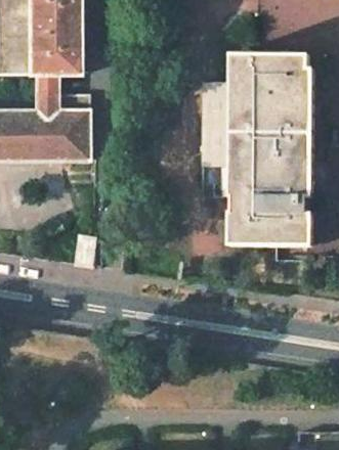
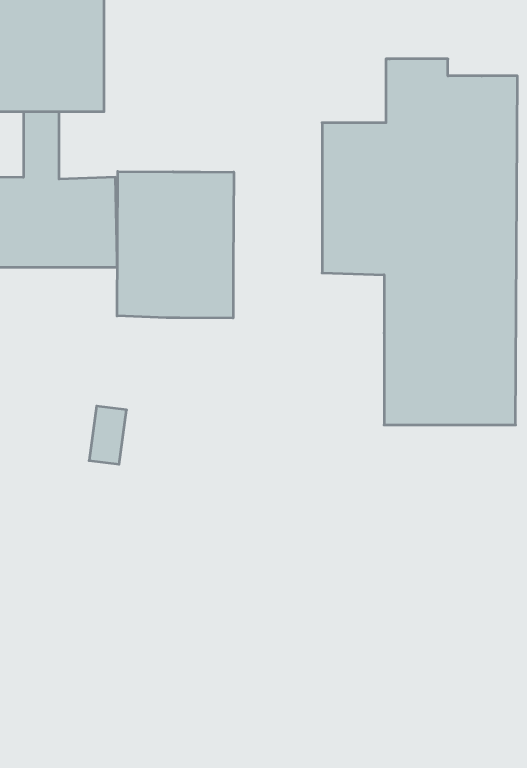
building: none -> [117,171,234,318]

